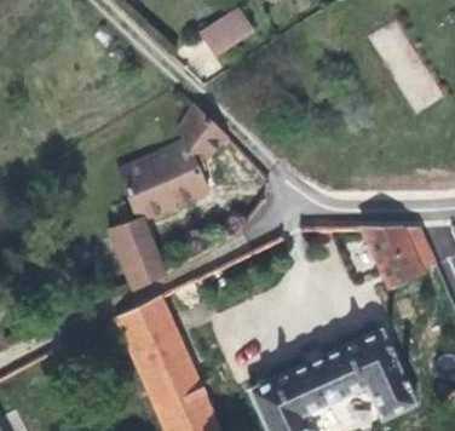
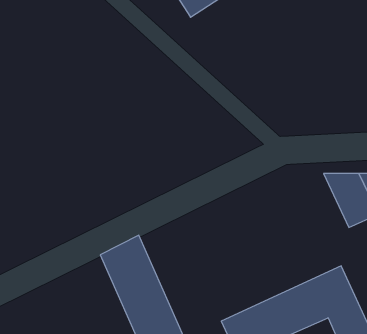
building: [109,104,228,291] -> none

